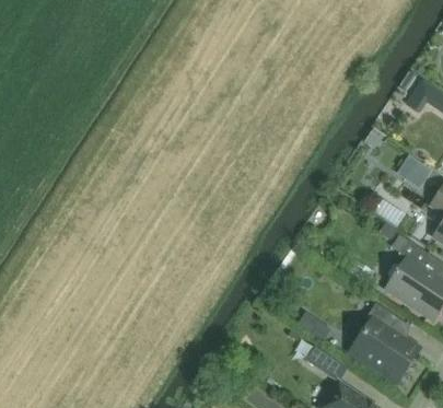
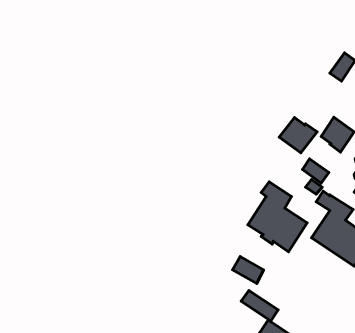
building: none -> [279,118,317,153]
building: [351,302,418,381] -> [248,182,307,252]

